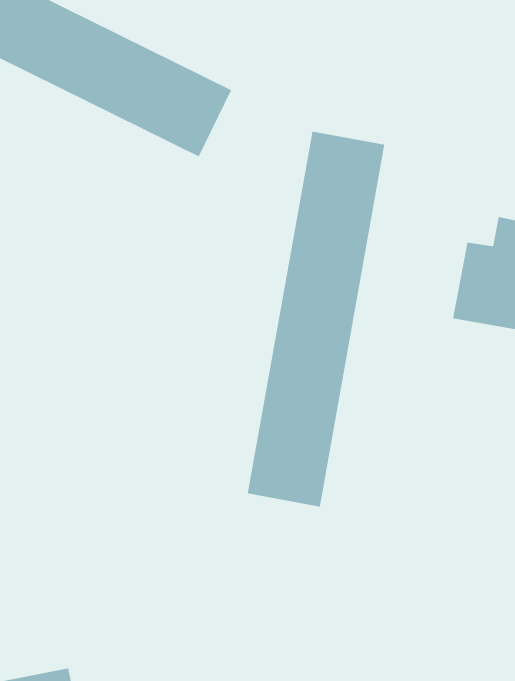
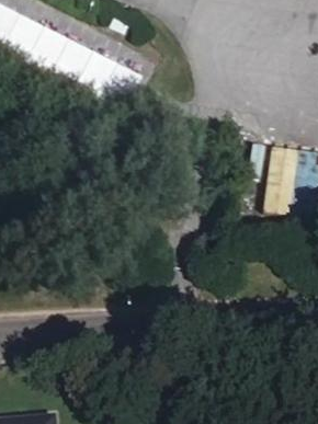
building: [247,131,385,507] -> none

